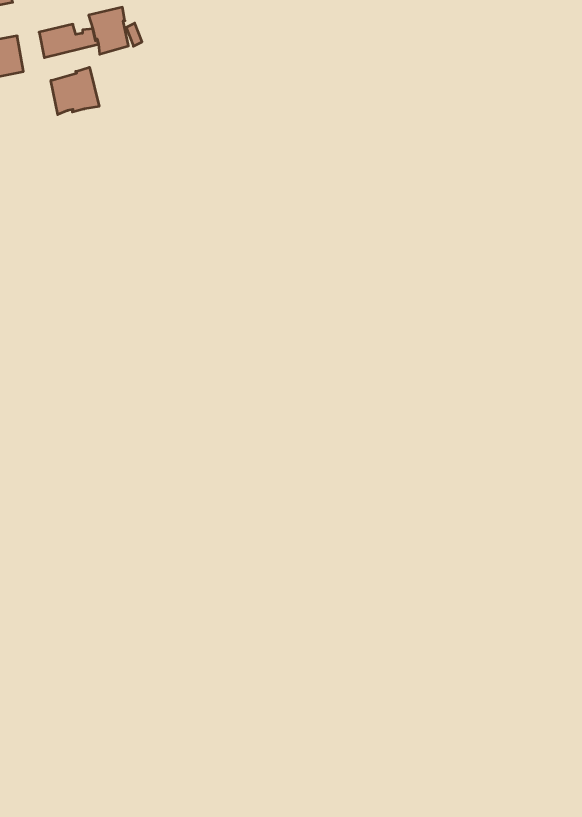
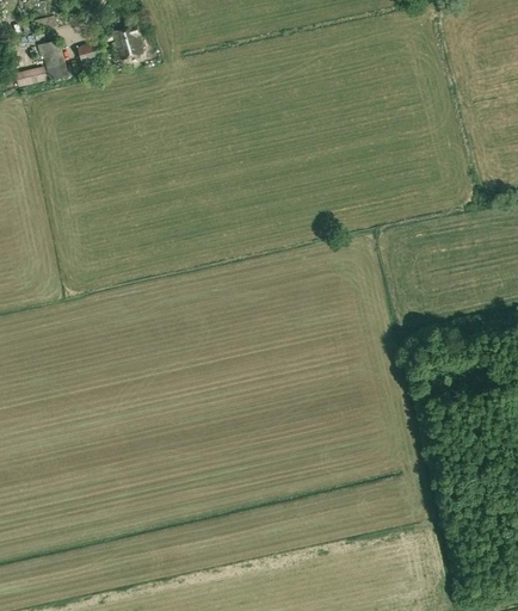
building: [51,67,99,115] -> none

